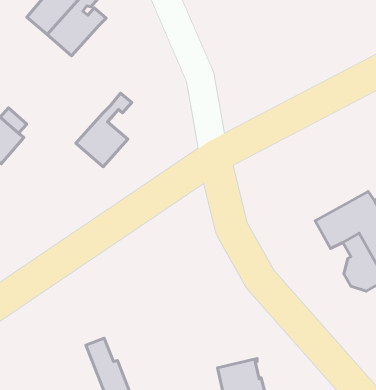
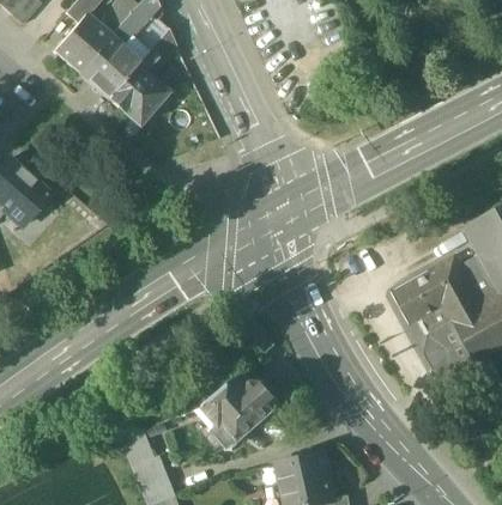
building: [76,93,132,167] -> [108,38,174,124]
building: none -> [206,372,282,445]

